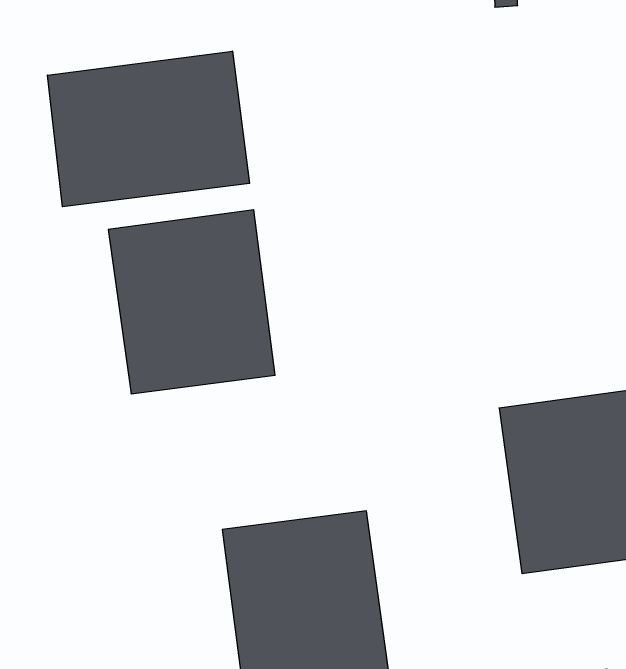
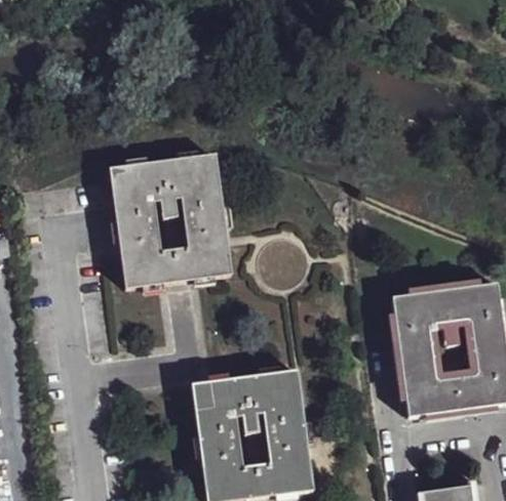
building: [48,51,249,207] -> none

